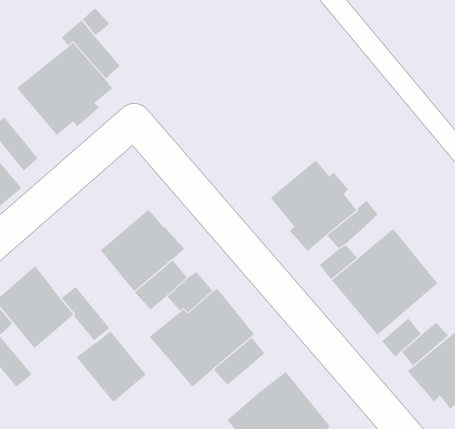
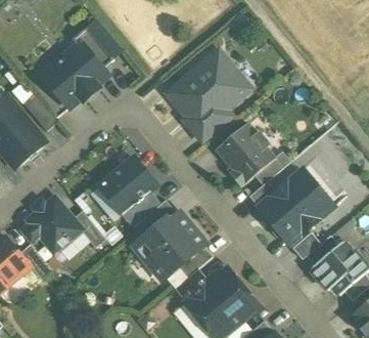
building: none -> [168,56,249,139]
building: [76,331,146,403] -> none
building: none -> [173,268,209,302]

